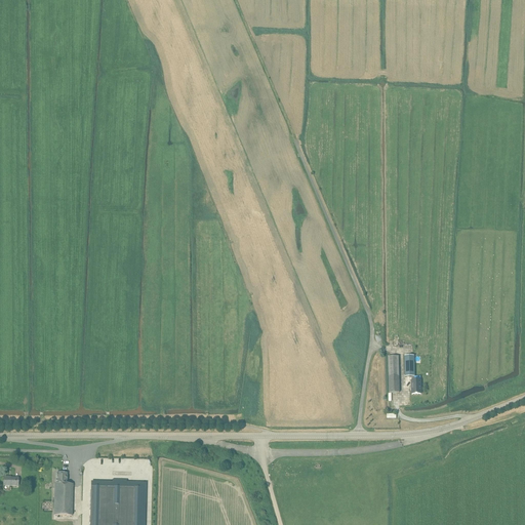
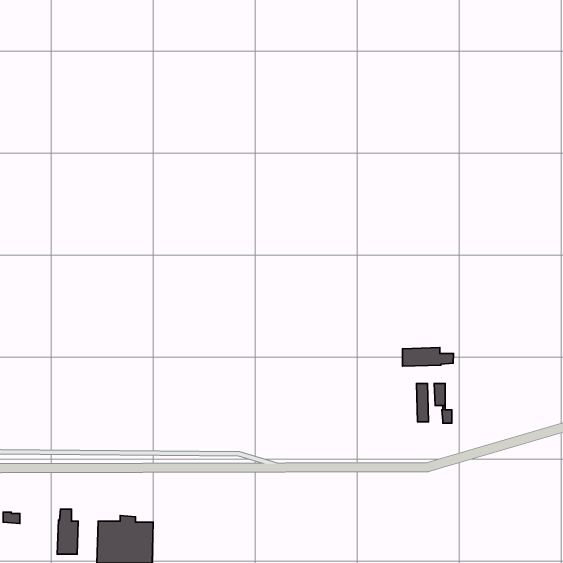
building: none -> [402,348,453,366]

